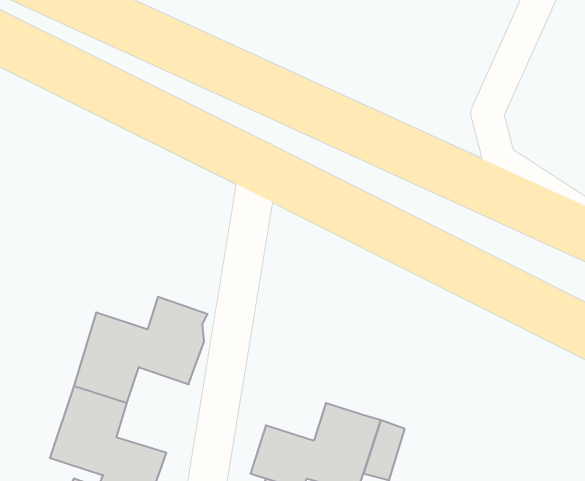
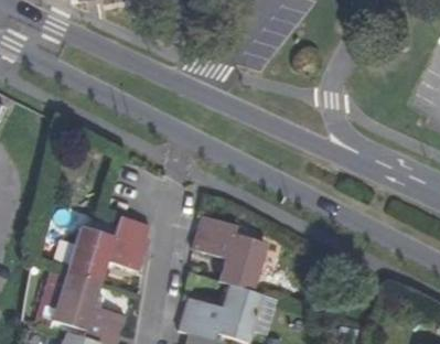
building: none -> [194,216,266,291]

